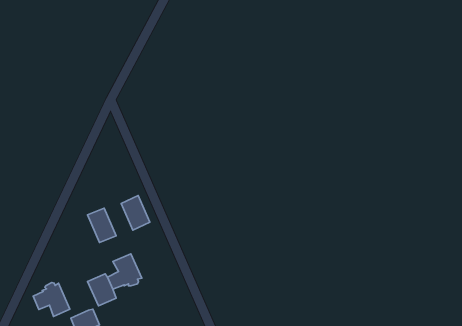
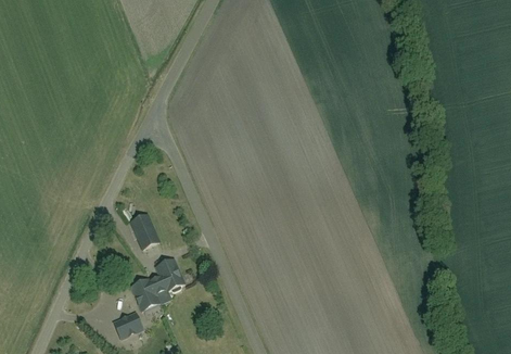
building: [121,195,150,230] -> none
building: [33,282,70,317] -> none

